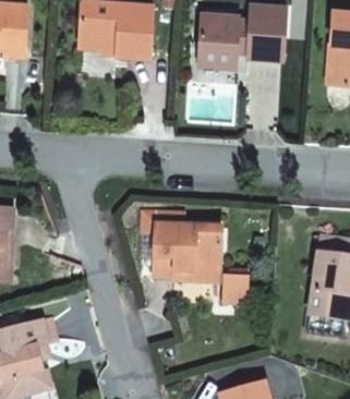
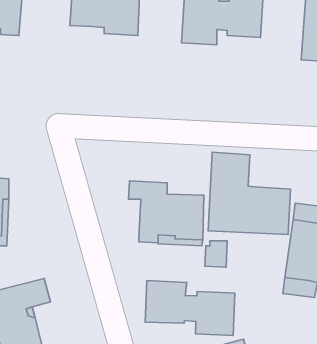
building: none -> [208,152,290,234]
building: none -> [145,281,235,336]

